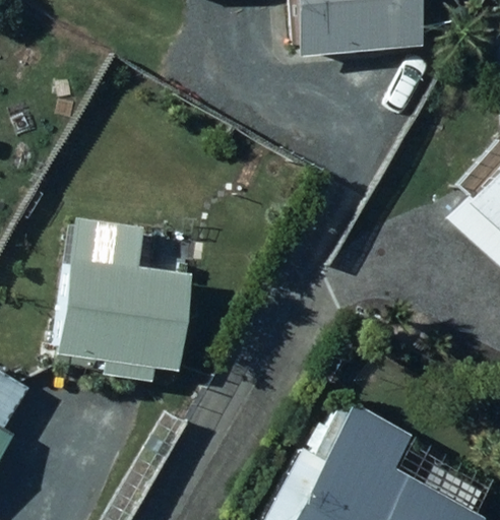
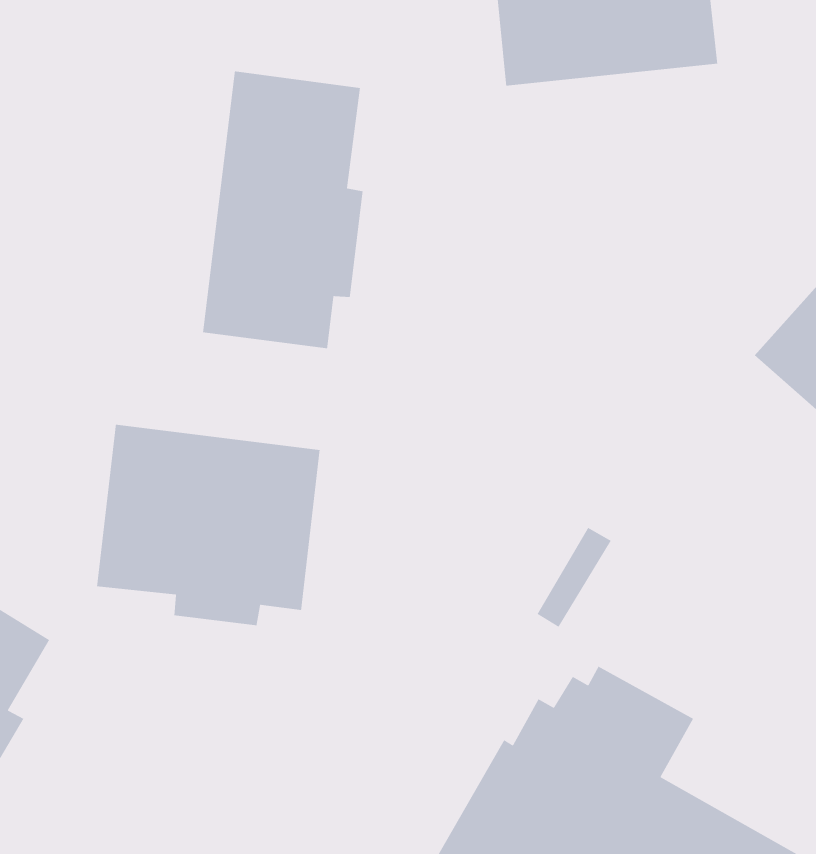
building: none -> [202,71,364,349]

